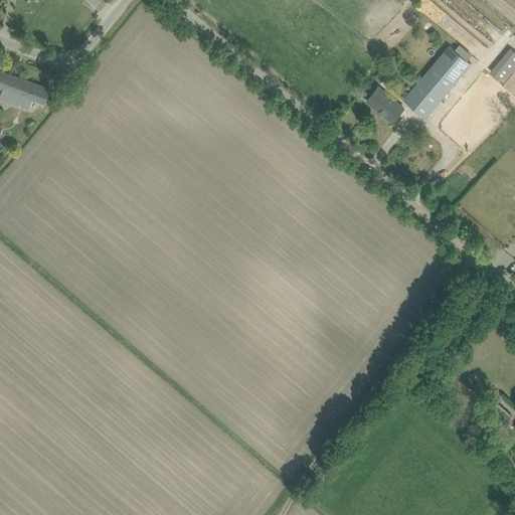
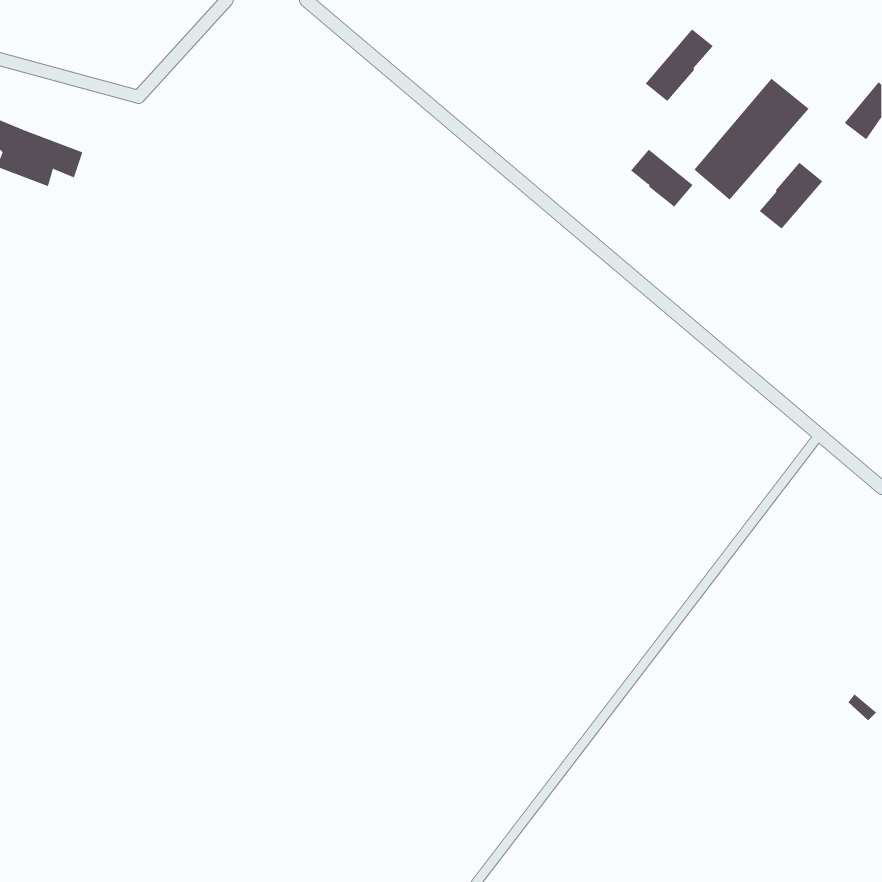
building: none -> [645,28,714,102]
building: none -> [758,162,823,230]

